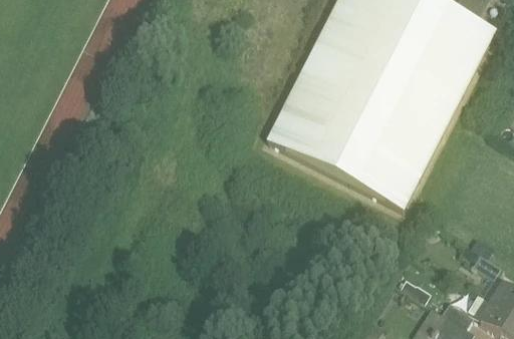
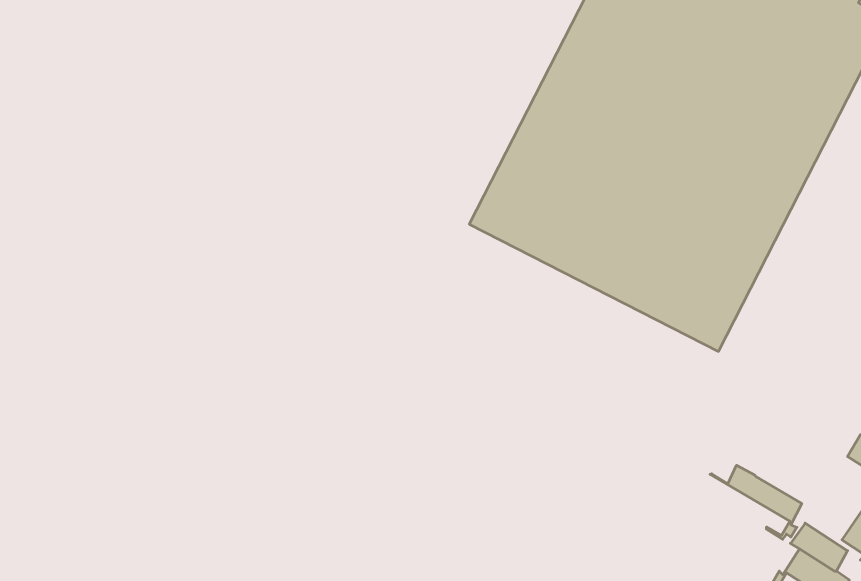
building: none -> [710,465,802,539]

